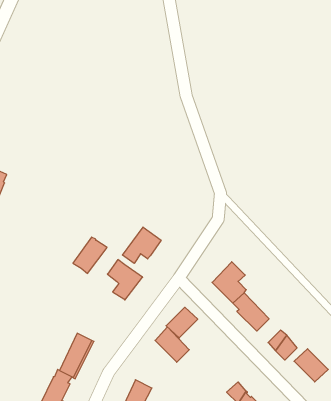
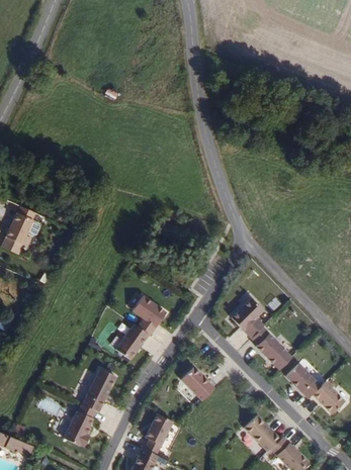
building: [122,227,161,263] -> none
building: [73,237,107,273] -> [113,325,147,361]
building: [166,307,198,338] -> none

